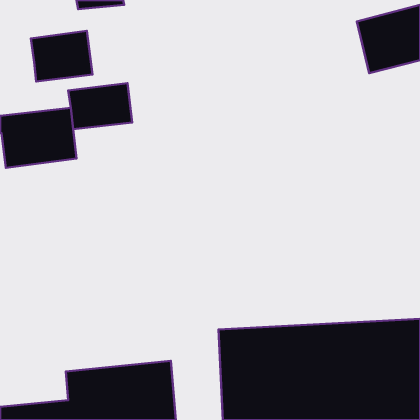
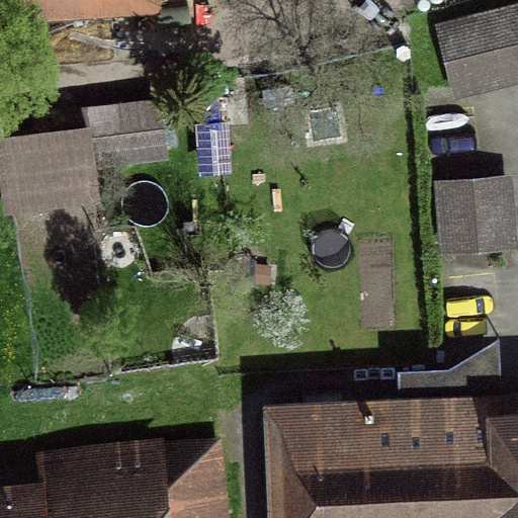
building: [31,31,92,81] -> none
building: none -> [439,176,510,249]

